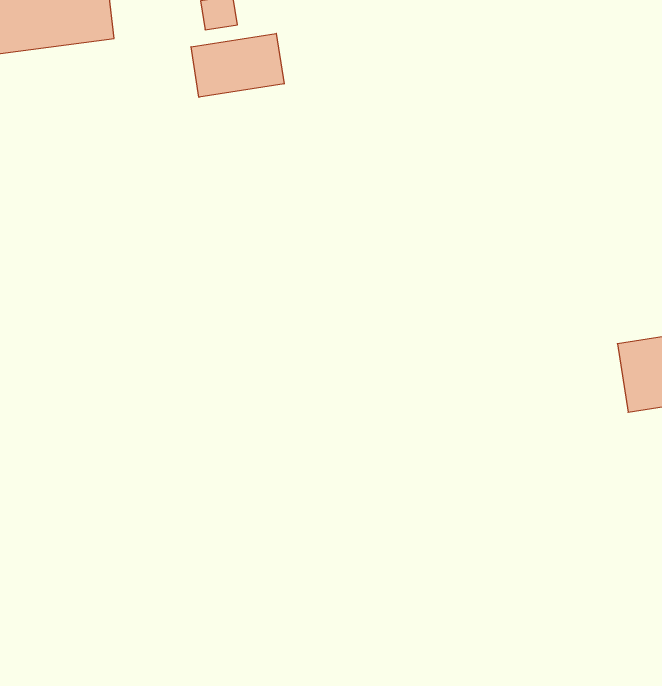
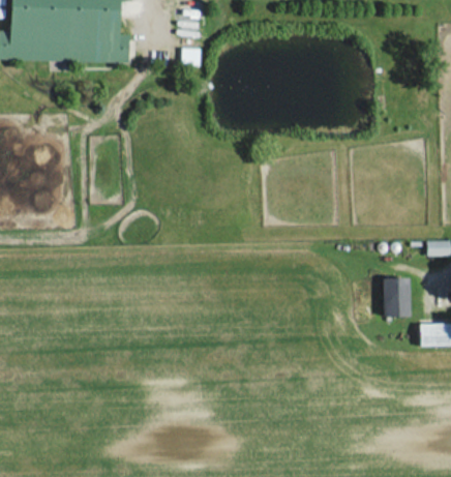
building: [191,33,284,97] -> none

